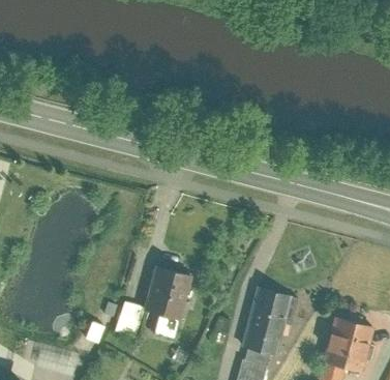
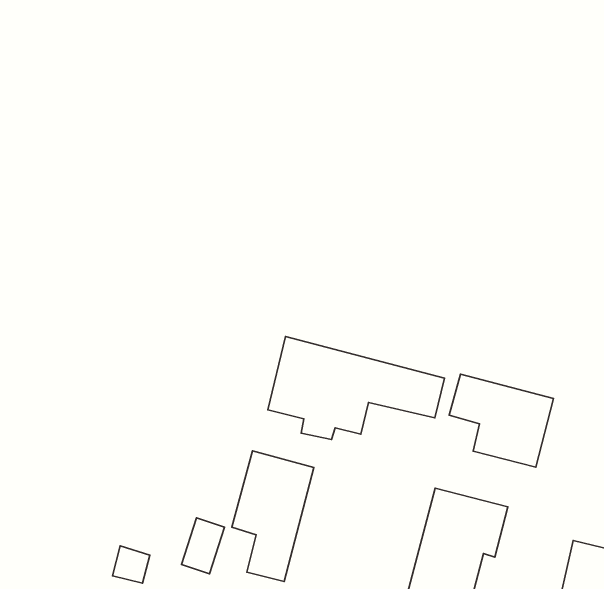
building: none -> [268,337,444,439]
building: none -> [449,374,553,467]

